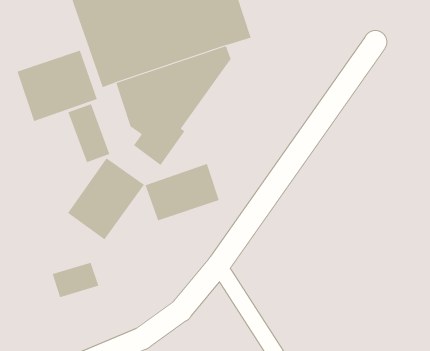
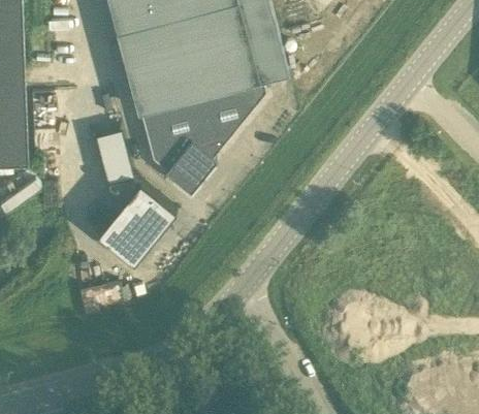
building: [17,50,97,122] -> none
building: [145,163,220,221] -> none

